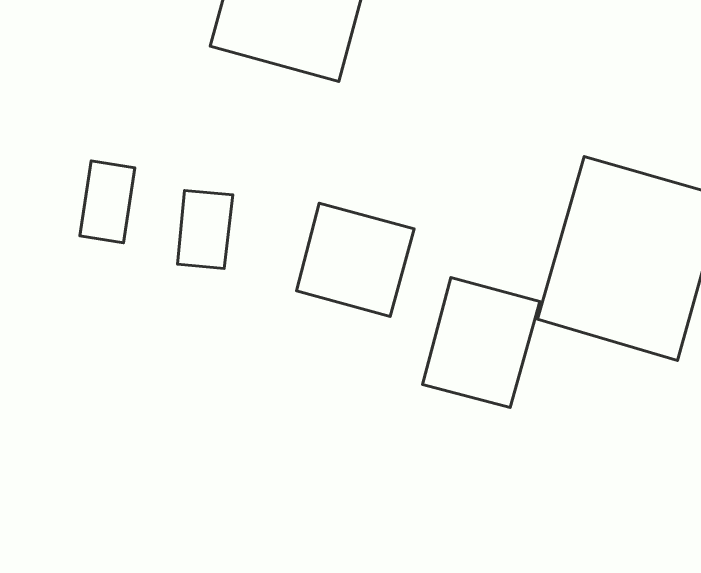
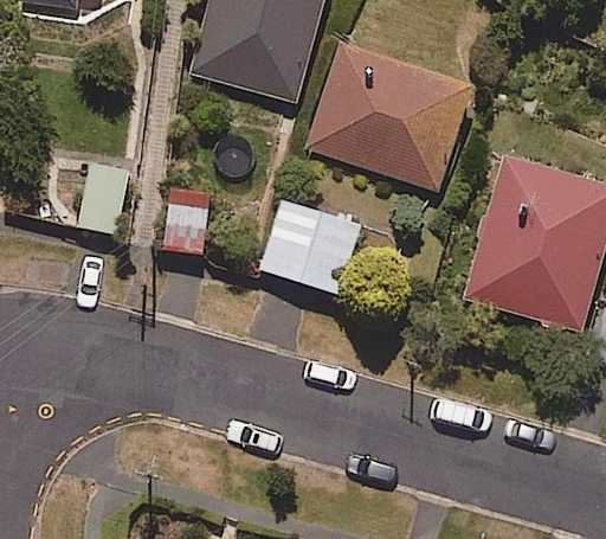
building: none -> [307,44,472,192]
building: [422,278,540,407] -> none

